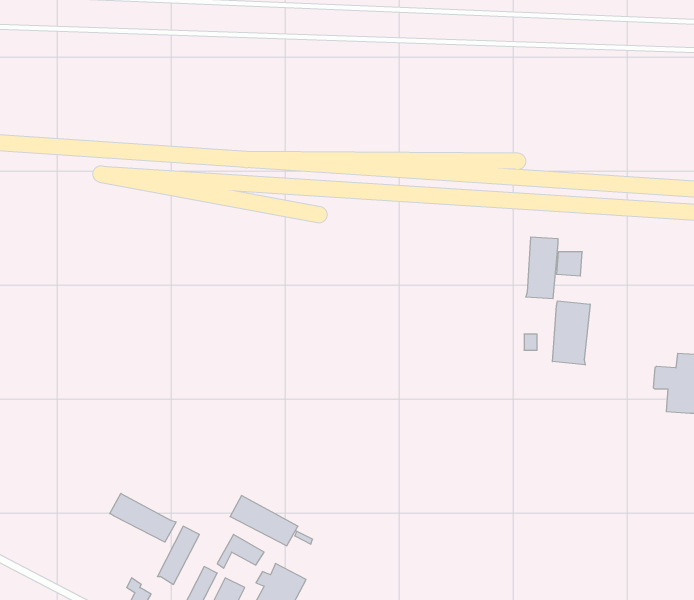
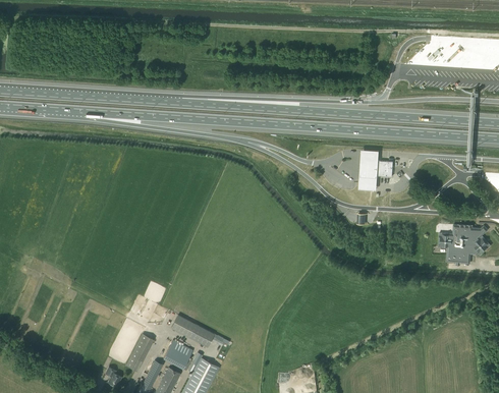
building: [552,301,590,365] -> none
building: [110,493,176,542] -> none

